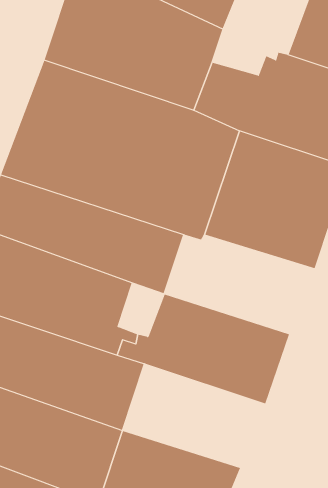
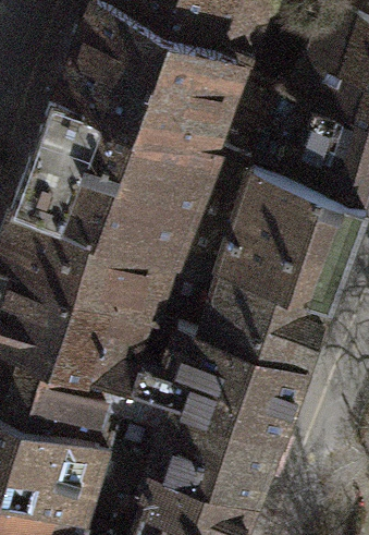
building: none -> [181,269,331,368]
building: none -> [139,398,282,501]

